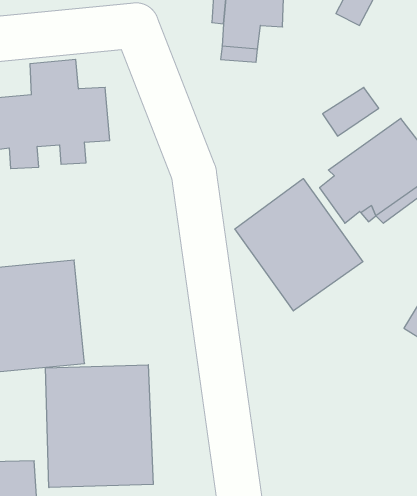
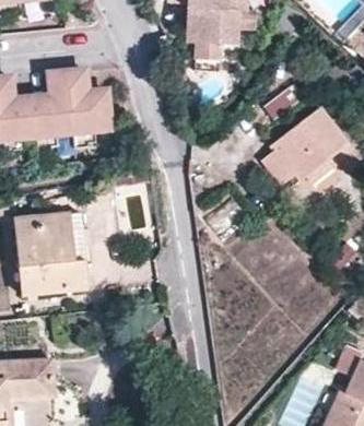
building: [235,179,363,311] -> none
building: [46,365,153,488] -> none

